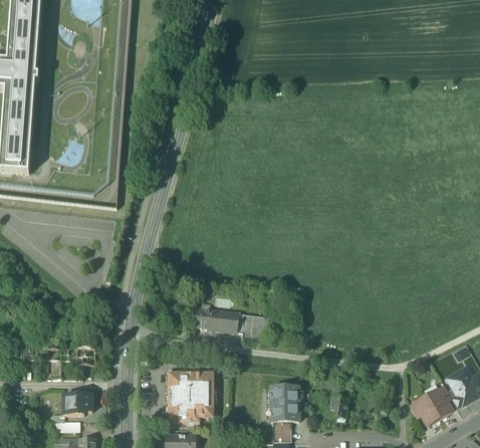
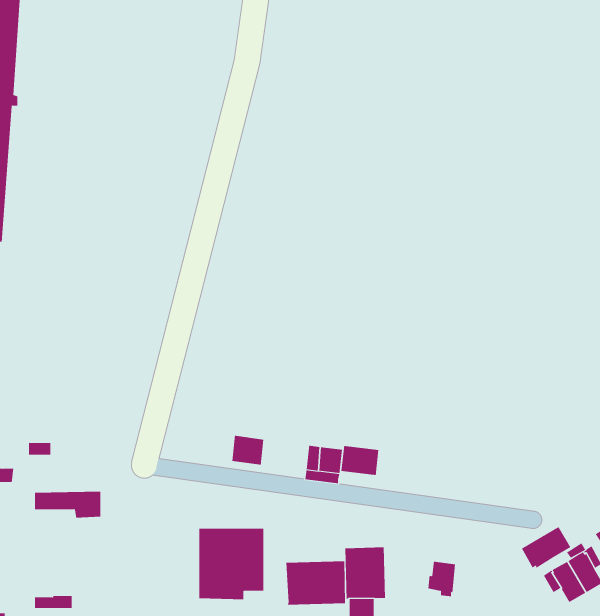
building: [210,310,237,331] -> [341,445,379,475]
building: none -> [521,526,571,569]
building: [60,393,90,415] -> none
building: none -> [286,561,346,605]

